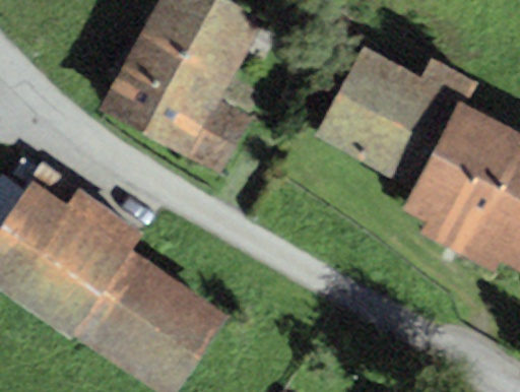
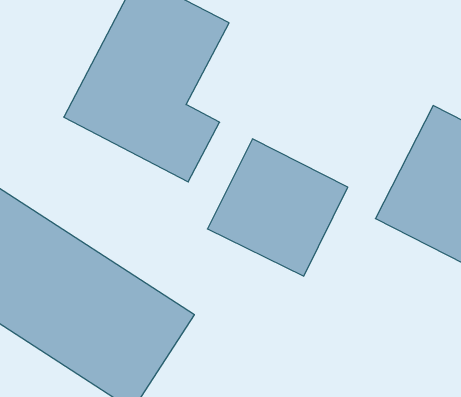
building: [315,44,451,177] -> [207,139,348,276]

